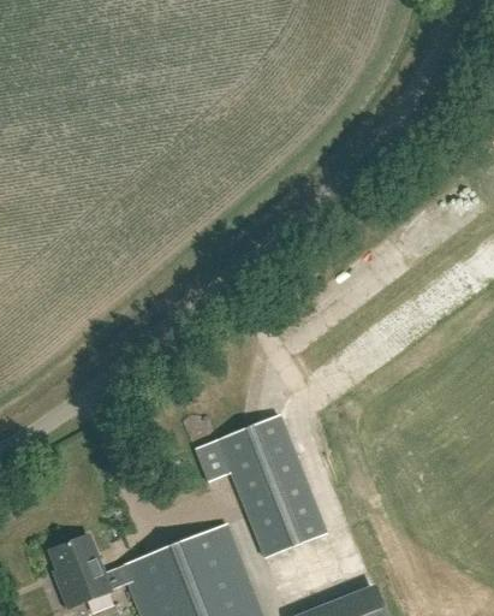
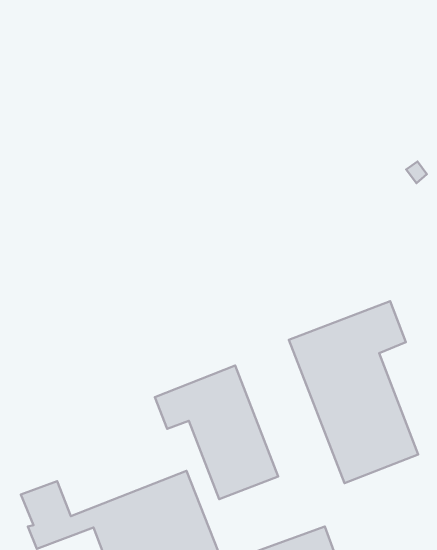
building: none -> [289,301,418,483]

